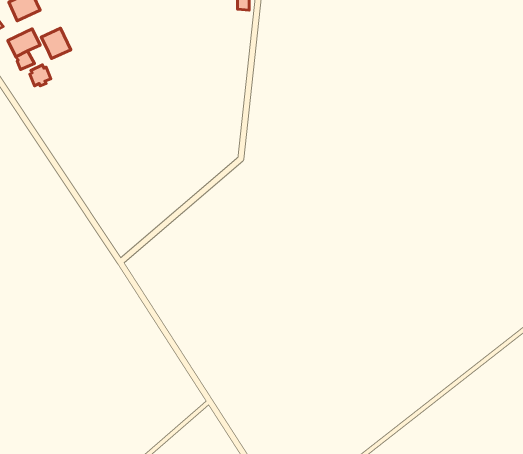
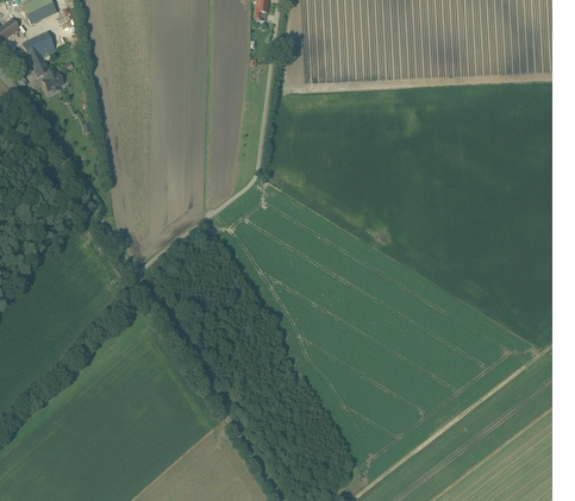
building: [41,28,71,59] -> none

